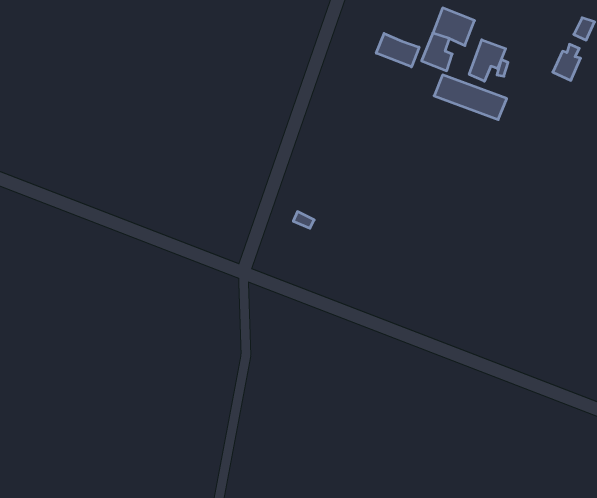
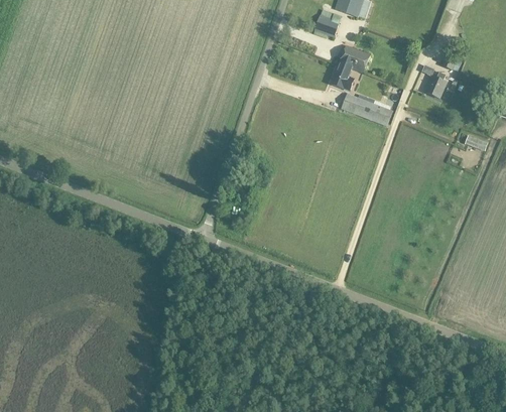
building: [376,33,419,67] -> none
building: [469,40,506,81] -> none

